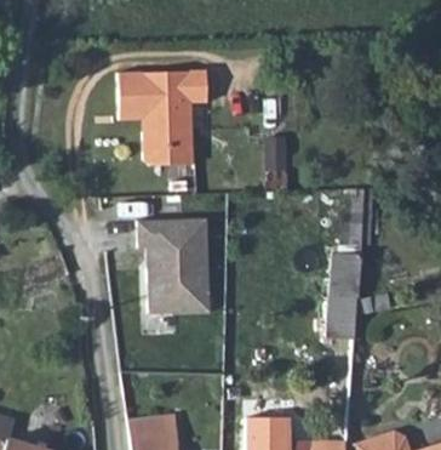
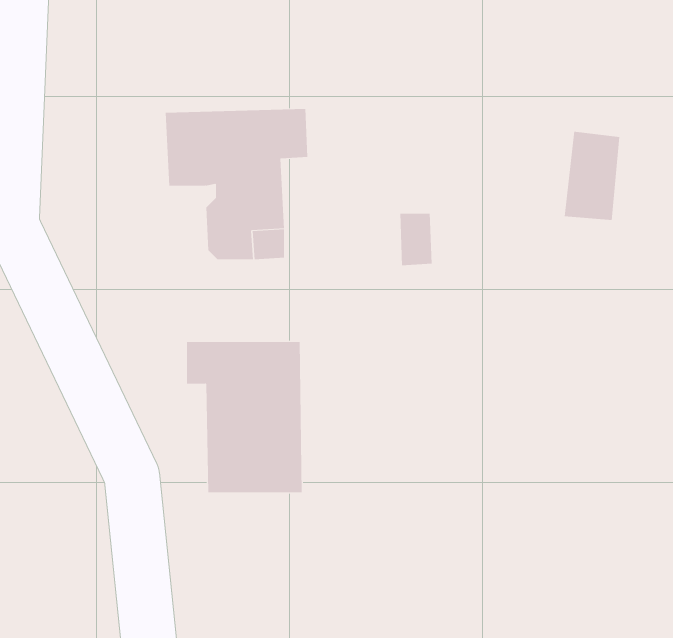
building: [343,188,378,244] -> [564,131,620,220]
building: [327,251,360,338] -> none

